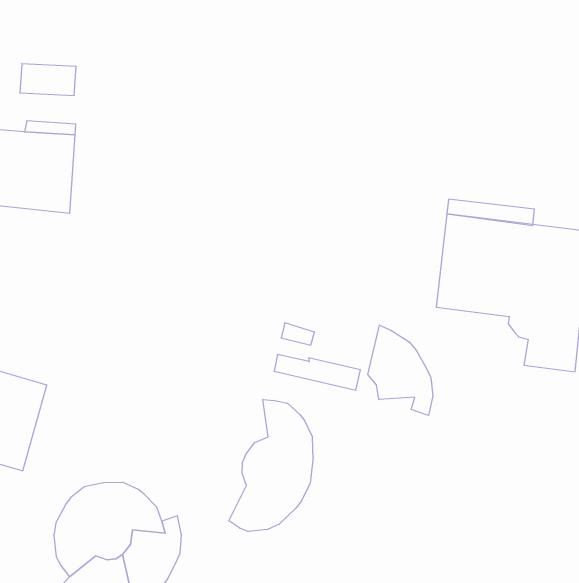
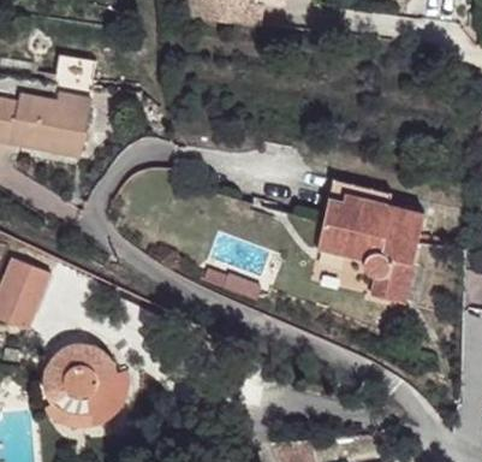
building: [368,325,433,415] -> none
building: [229,399,313,532] -> none

